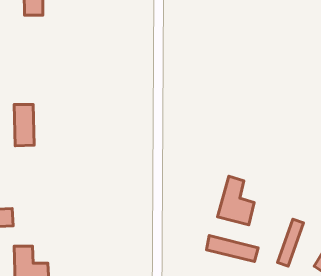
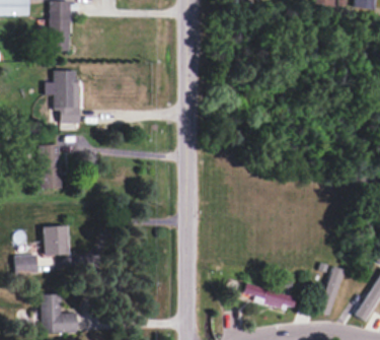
building: none -> [53,69,79,123]
building: [218,176,254,225] -> none
building: none -> [44,225,69,255]

